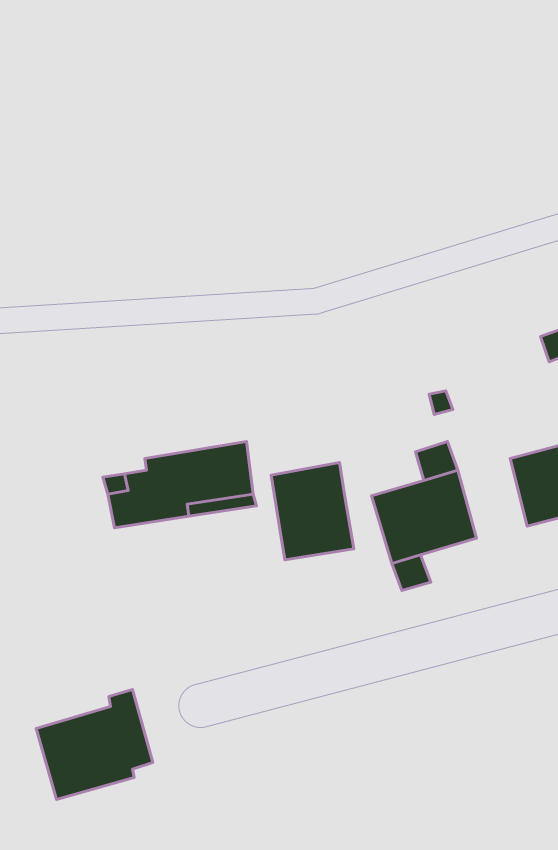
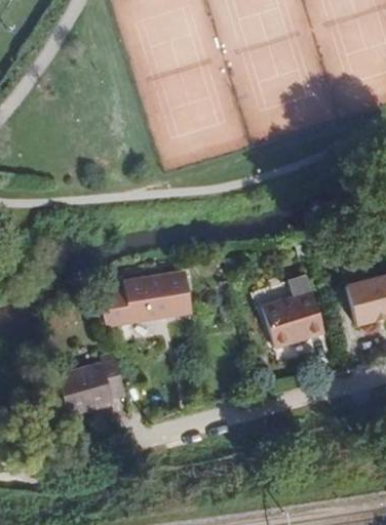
building: [271,462,354,560] -> none
building: [36,690,153,800] -> [55,351,126,417]

